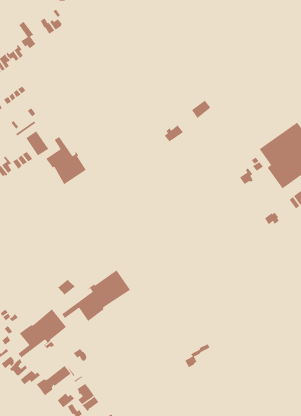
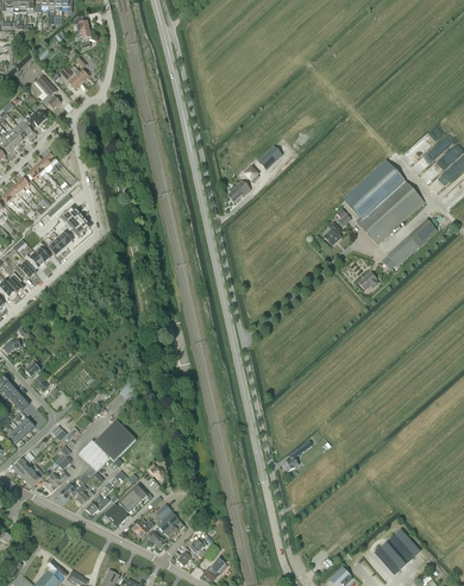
building: [45,136,86,185] -> none
building: [61,270,131,322] -> none

